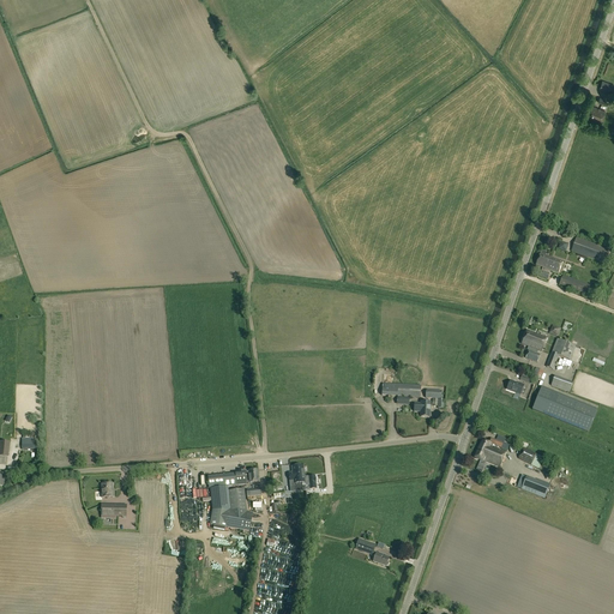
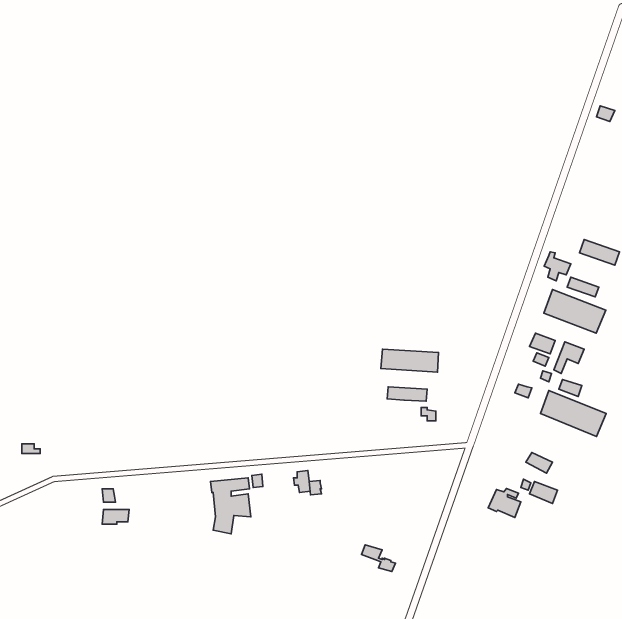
building: none -> [544,289,606,333]
building: none -> [381,349,438,372]
building: [474,437,506,465] -> [488,488,521,518]

